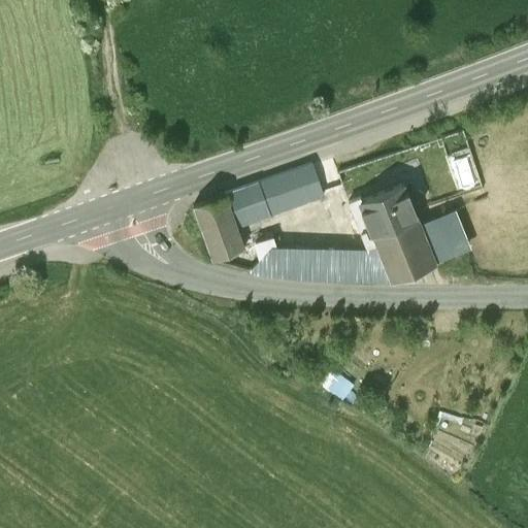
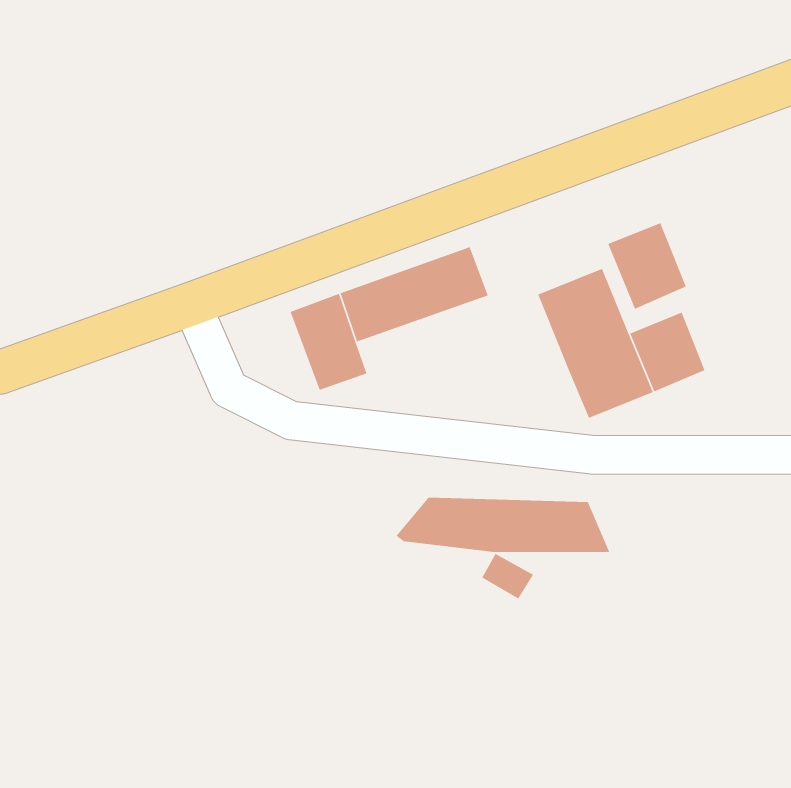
building: none -> [607,222,687,310]
building: [251,245,393,283] -> [395,497,610,553]

